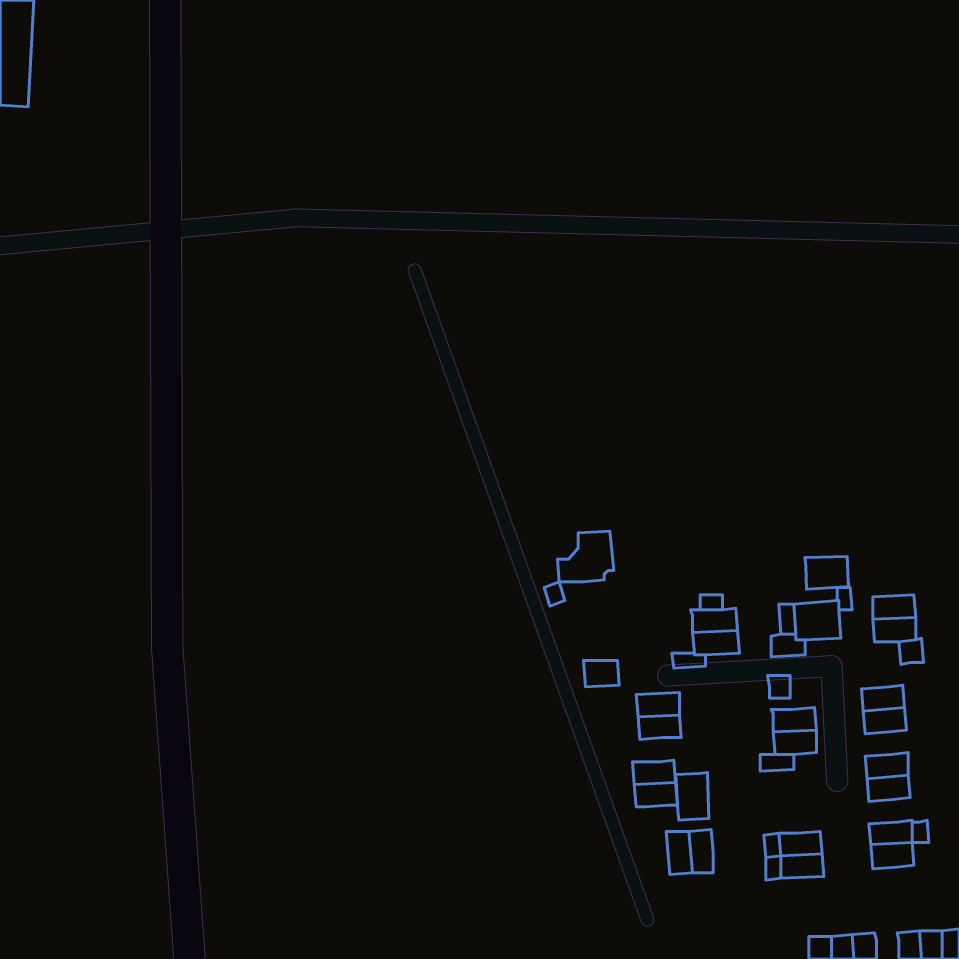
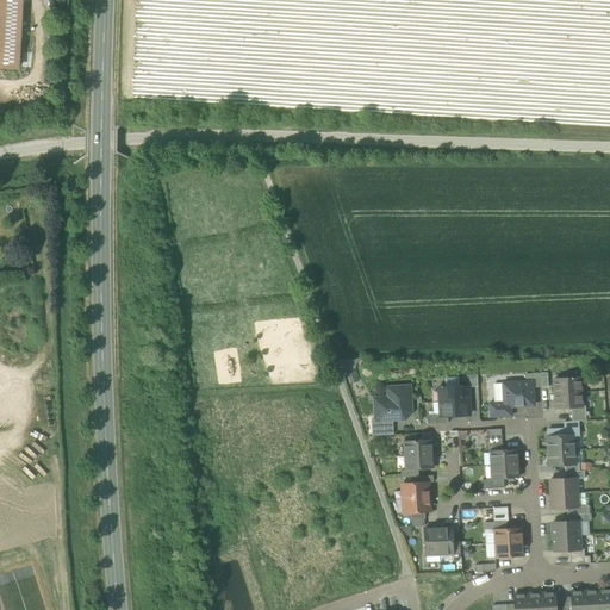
building: [557,531,614,582] -> [375,387,411,419]
building: [805,557,849,589] -> none
building: [676,773,709,820] -> none

